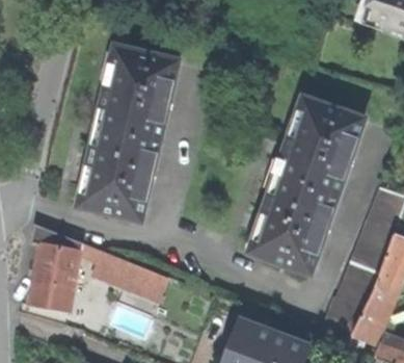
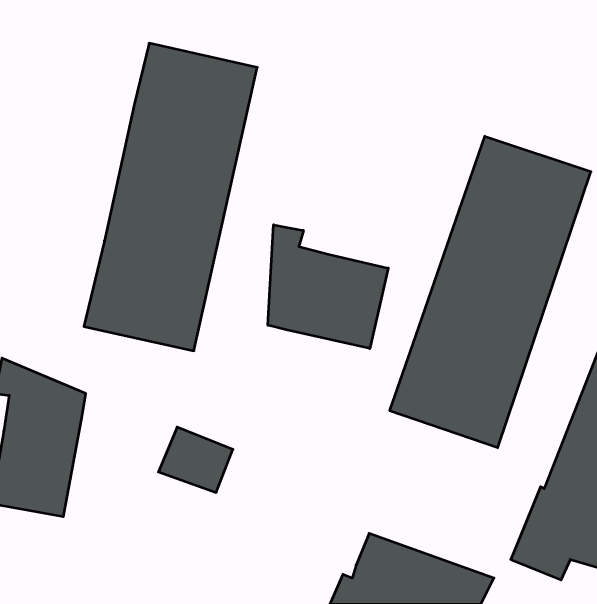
building: none -> [268,225,388,349]
building: [79,243,132,288] -> none

